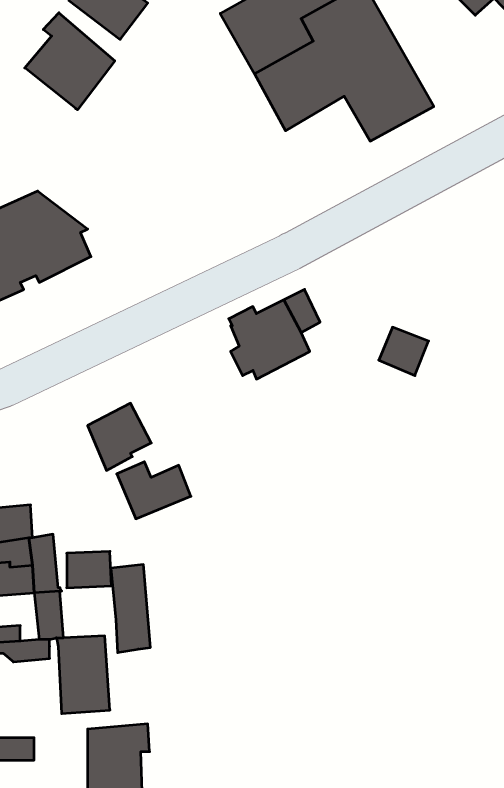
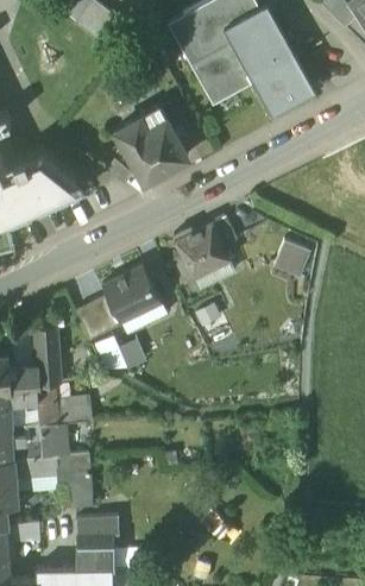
building: [25,13,115,110] -> none
building: none -> [115,107,188,182]
building: none -> [103,265,163,322]
building: [111,565,150,653] -> [34,327,62,387]

